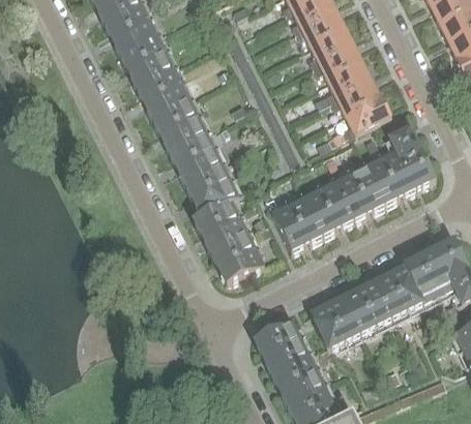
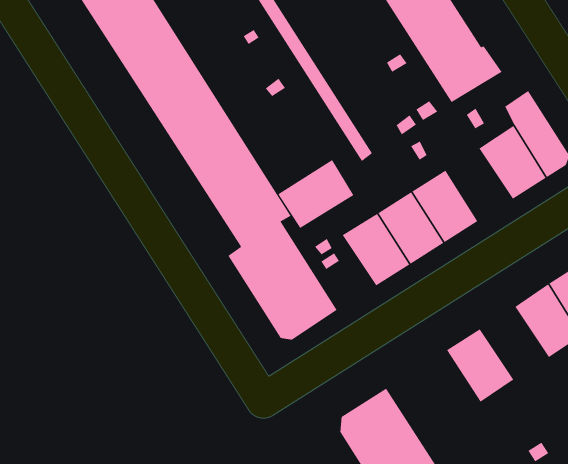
building: none -> [277,159,354,229]
building: [347,162,390,212] -> none
building: [359,273,404,323] -> none
building: [310,298,354,347] -> none

